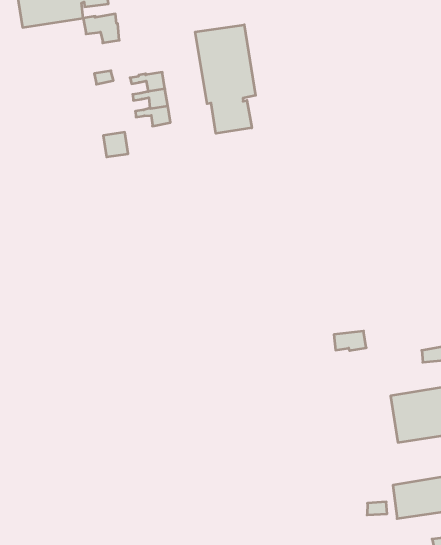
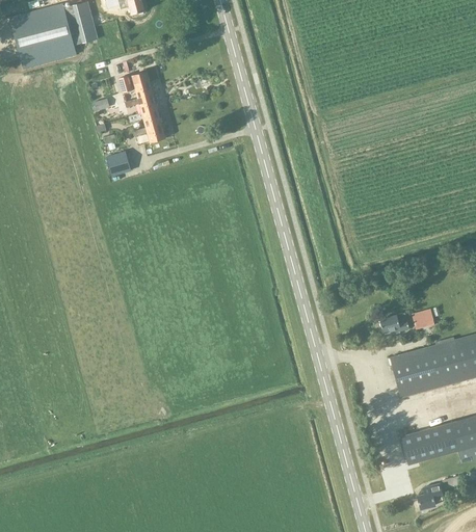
building: [83,14,119,43] -> [118,71,153,98]
building: [195,25,256,133] -> none
building: [334,331,366,351] -> [379,313,409,332]

